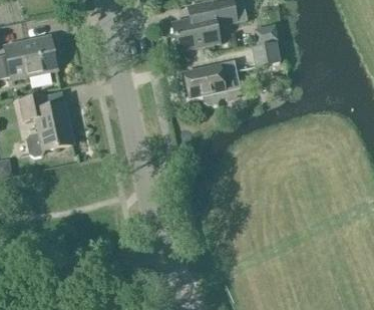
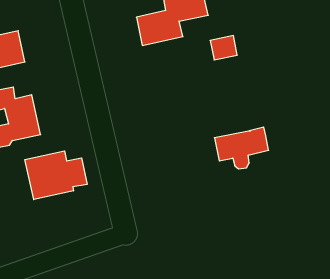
building: [183,60,240,103] -> [214,127,269,169]
building: none -> [25,151,87,200]

